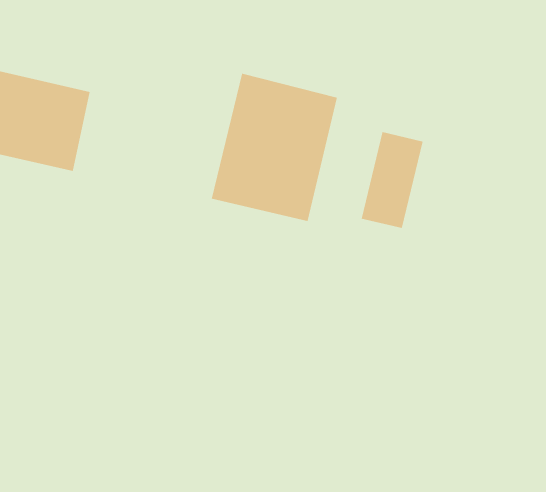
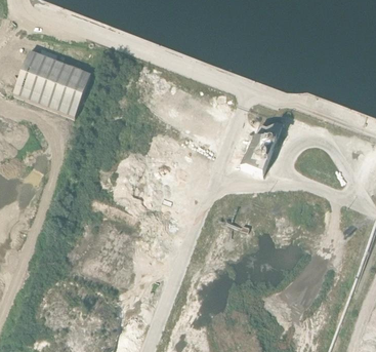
building: [211,73,337,222] -> none

